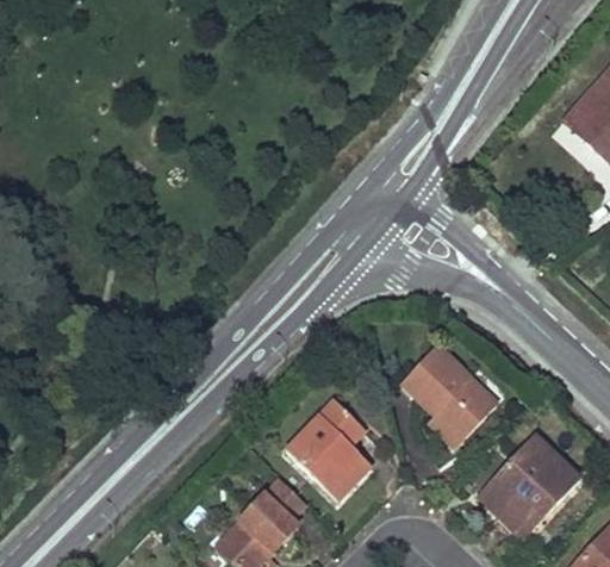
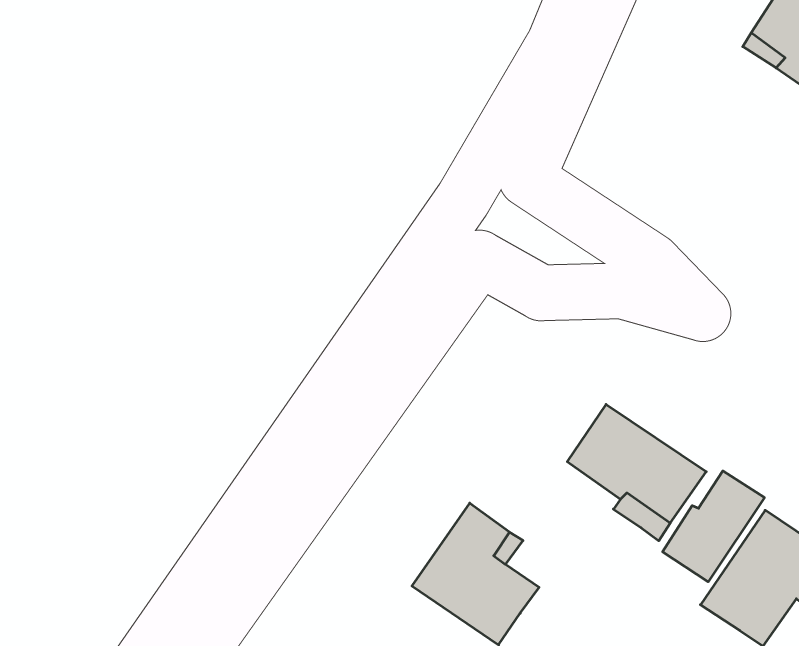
building: none -> [663,471,764,582]

